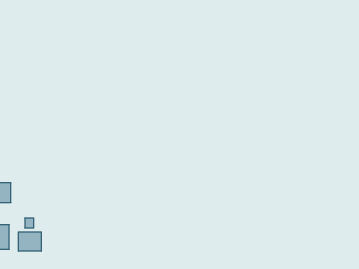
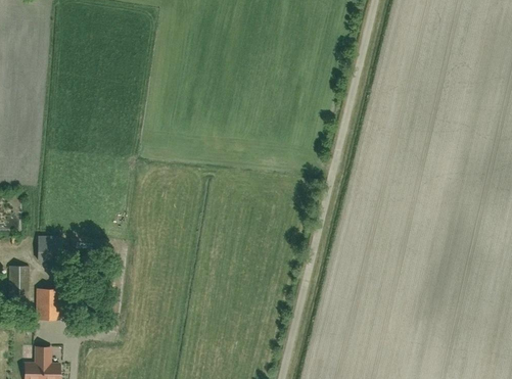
building: [18,232,41,251] -> none

